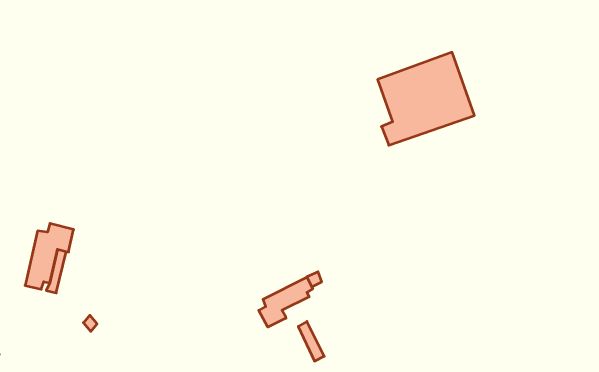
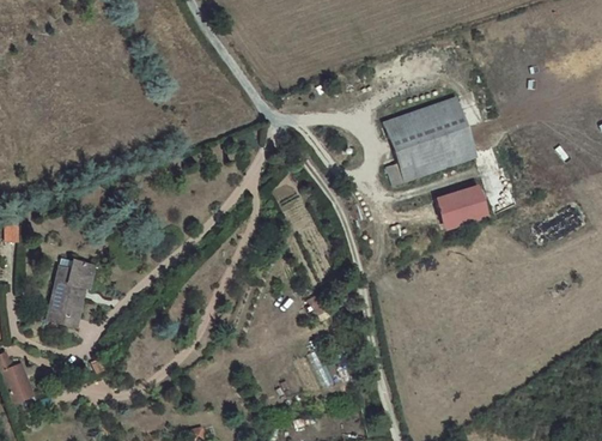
building: none -> [436,182,491,229]
building: [259,277,313,327] -> none

